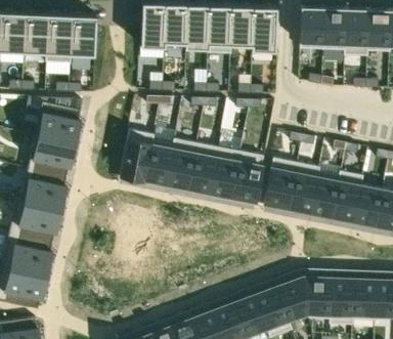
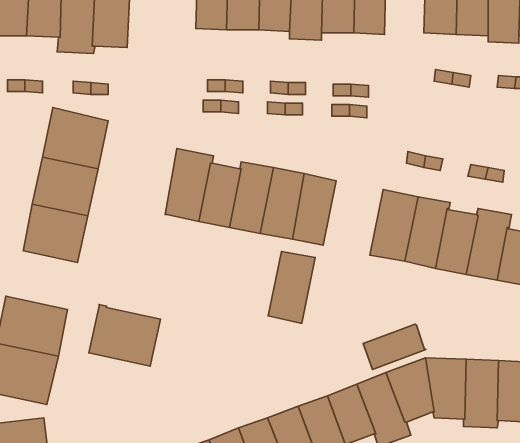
building: [231,153,264,203] -> [268,252,315,323]
building: [9,200,59,243] -> [89,305,160,366]
building: none -> [363,324,426,369]

